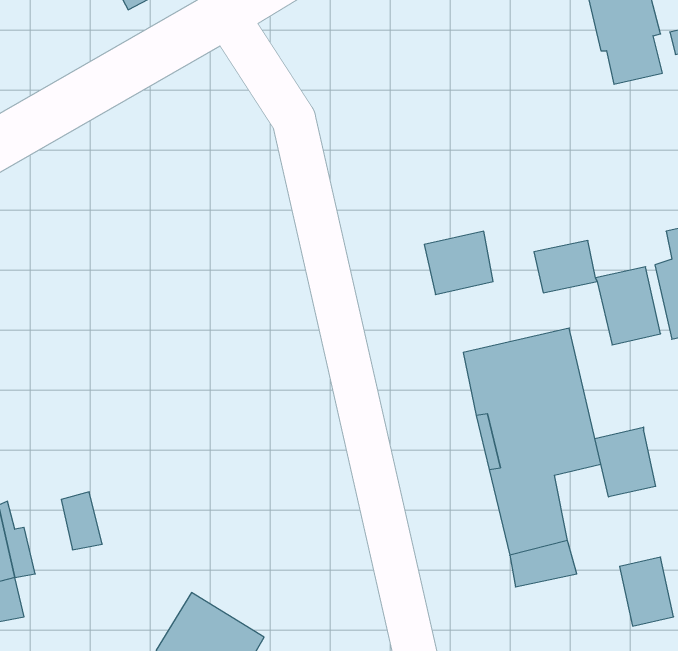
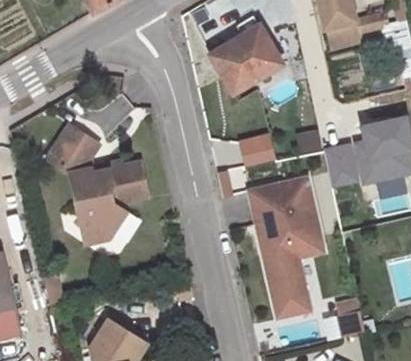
building: none -> [211,28,282,99]
building: none -> [44,124,148,239]
building: [595,427,656,497] -> none

